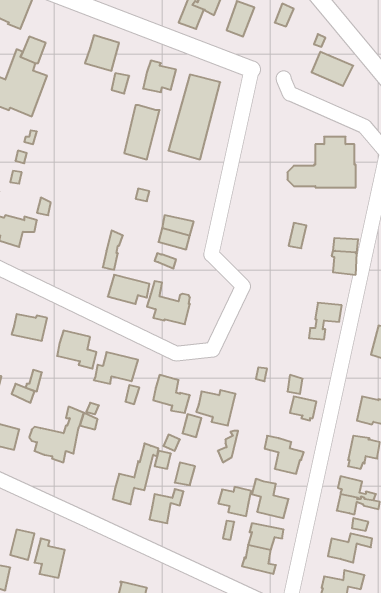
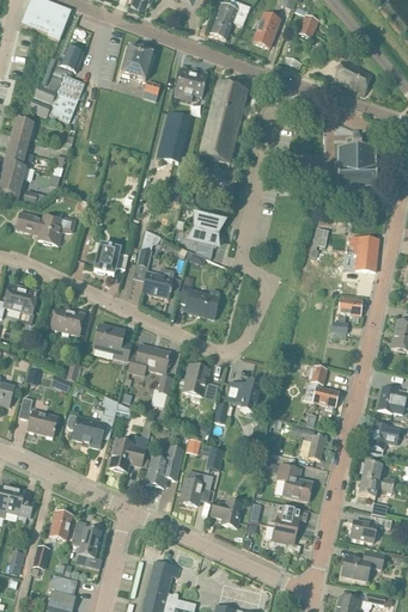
building: none -> [93,244,128,275]
building: none -> [109,424,151,471]
building: [218,487,251,516] -> [211,500,242,527]

